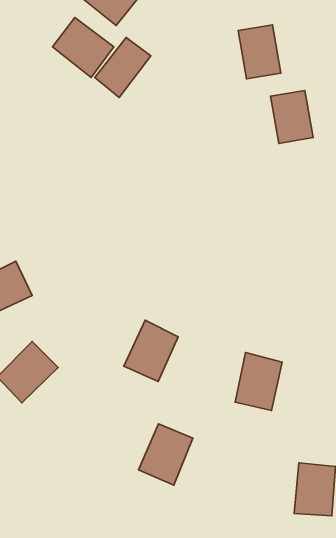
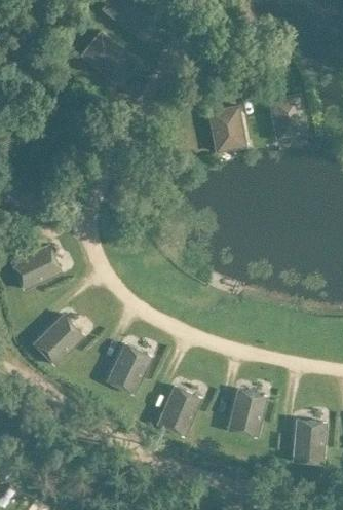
building: [238,25,281,79] -> [209,105,246,152]
building: [95,38,151,98] -> none
building: [124,320,178,382] -> [105,342,152,396]
building: [235,353,282,410] -> [226,388,267,438]

